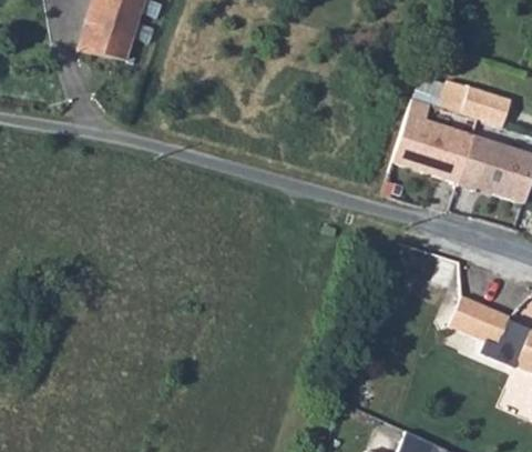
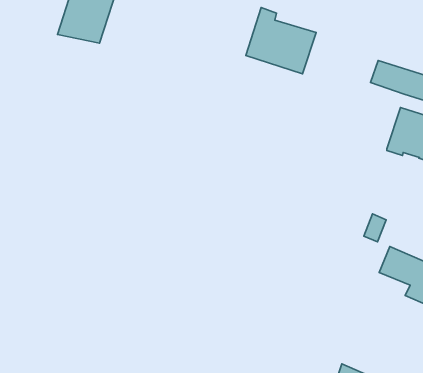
building: [393,106,474,182] -> [246,8,316,74]

